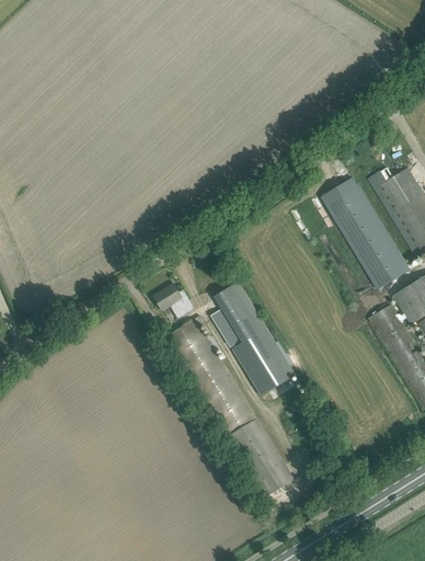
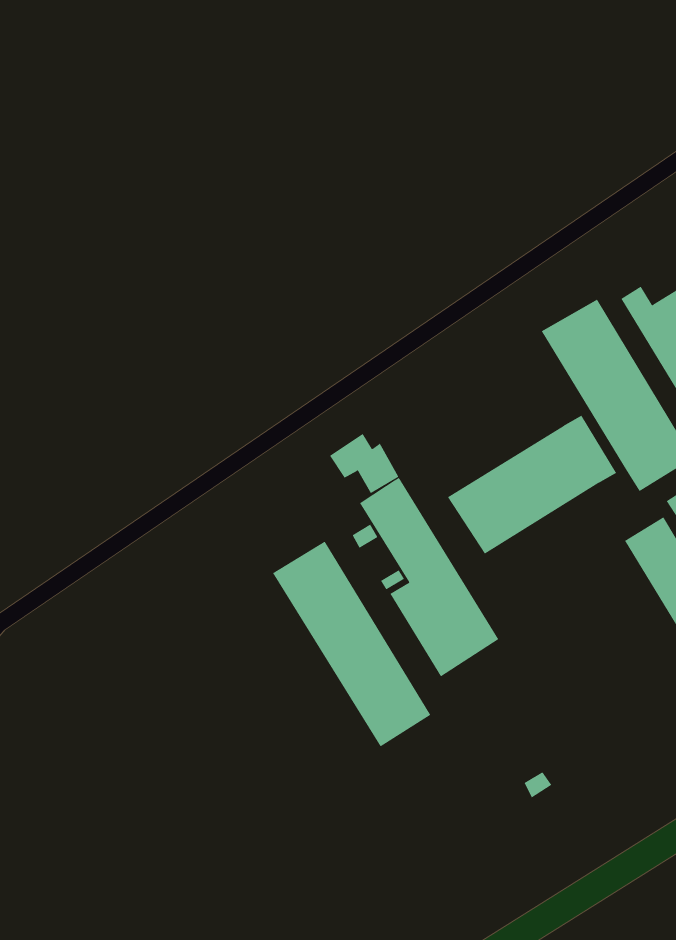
building: none -> [447,415,617,555]
building: [153,283,194,318] -> [329,433,399,494]
building: [227,419,294,496] -> none

